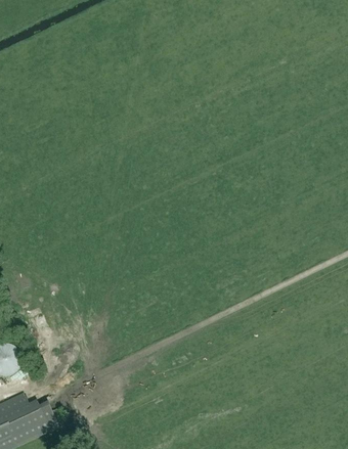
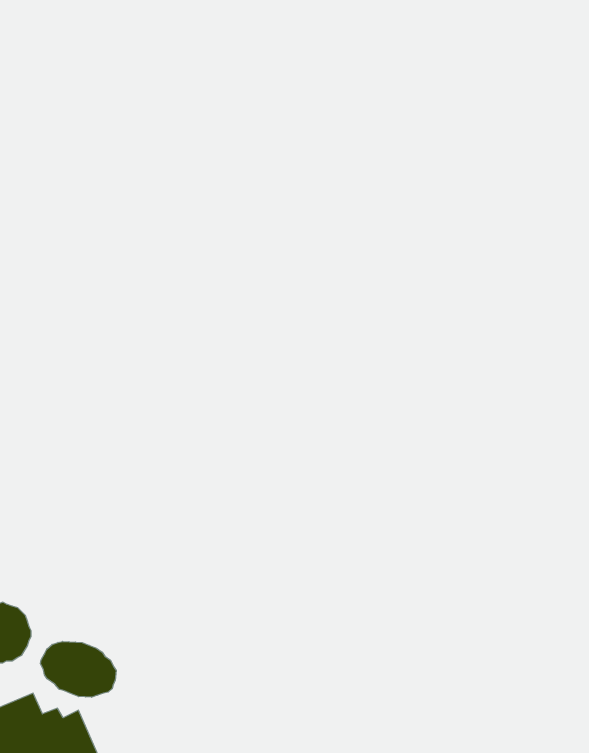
building: none -> [40,641,116,697]

